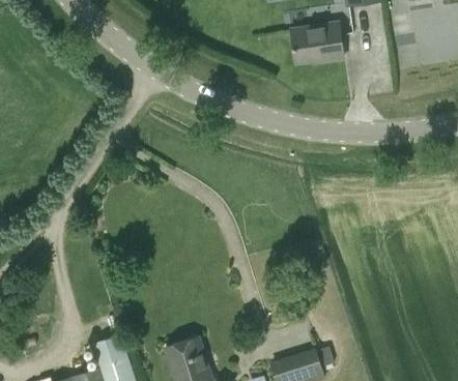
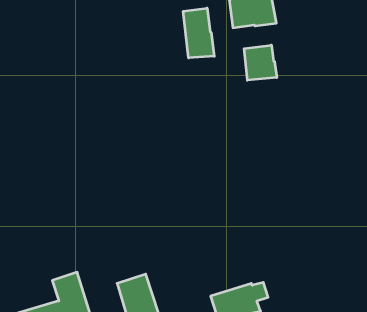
building: none -> [183,8,214,58]
building: none -> [244,45,277,80]

